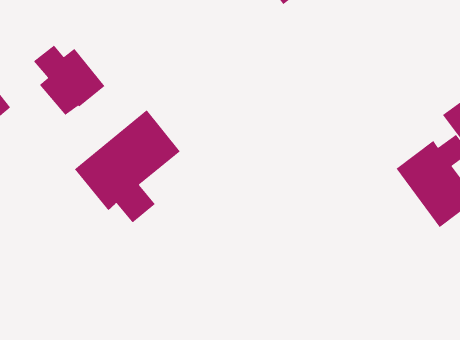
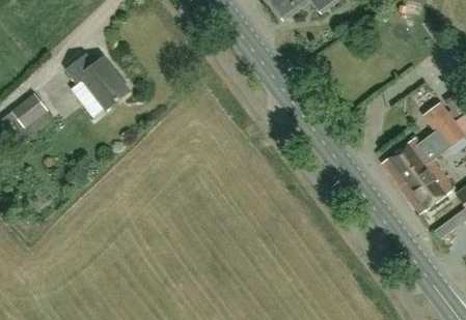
building: [74,109,181,223] -> none

